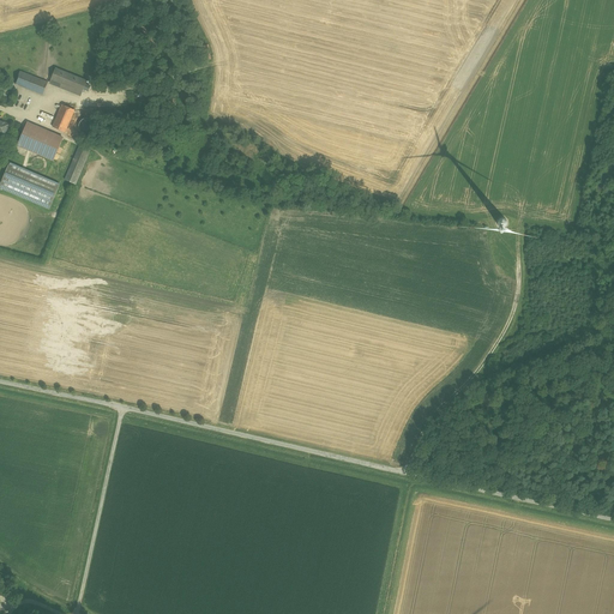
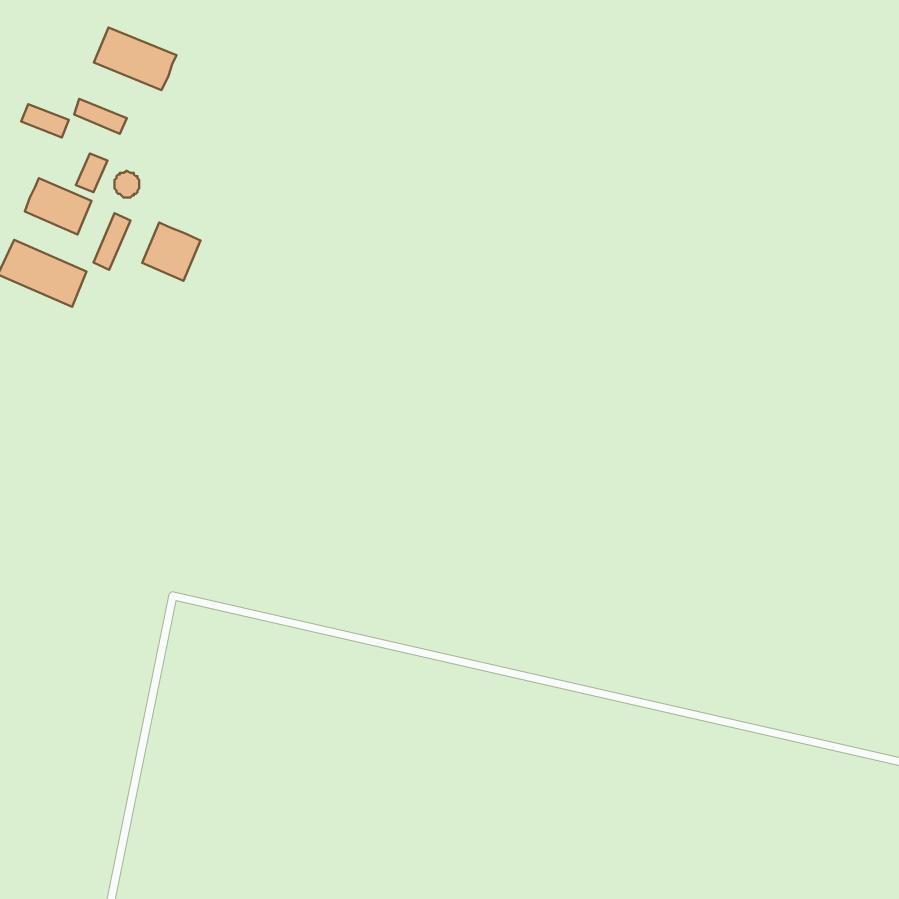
building: none -> [94,27,176,90]
building: none -> [142,223,201,281]

